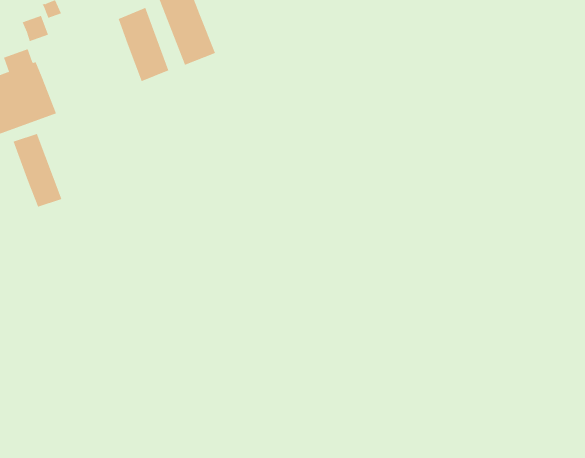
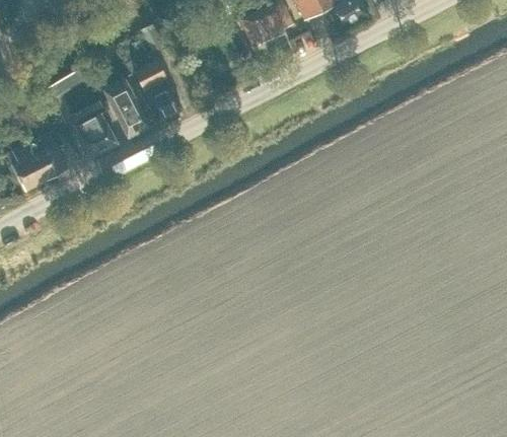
building: none -> [75,113,116,156]
building: [13,133,62,208] -> none

